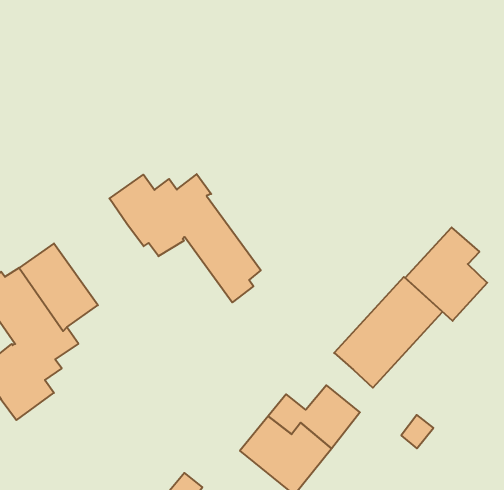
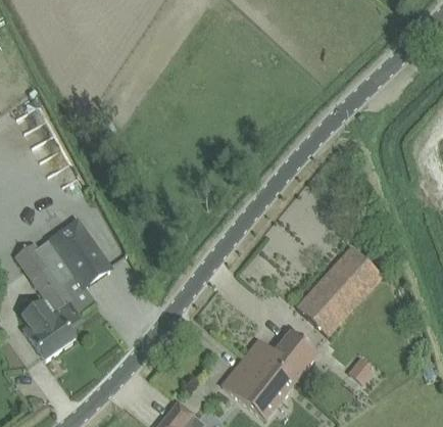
building: [109,174,261,302] -> none
building: [405,227,487,321] -> none

